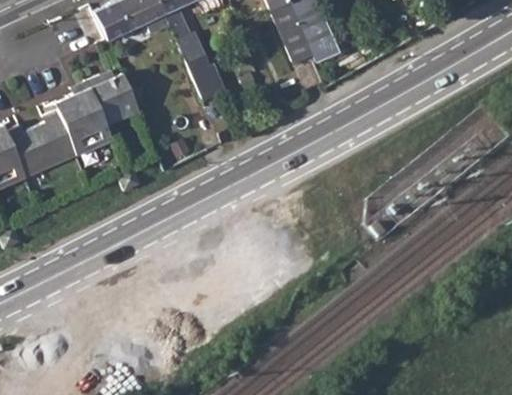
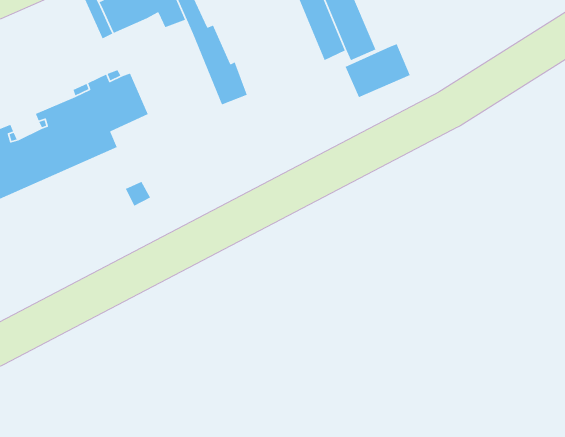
building: none -> [344,43,411,98]

